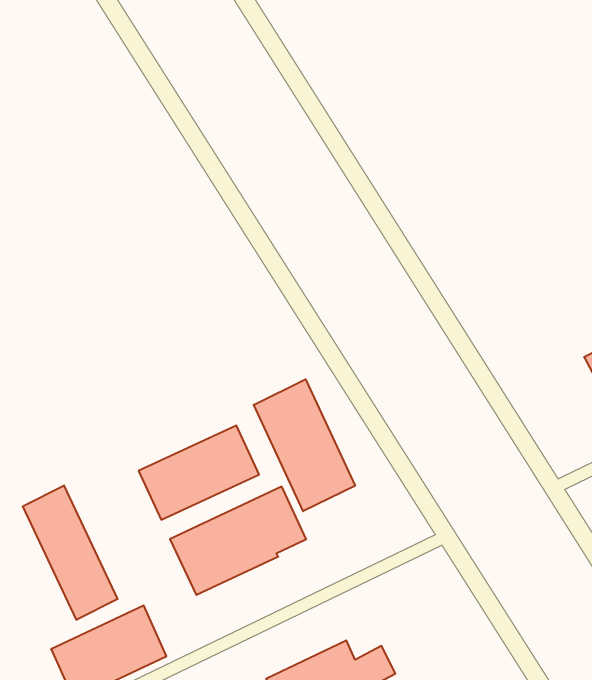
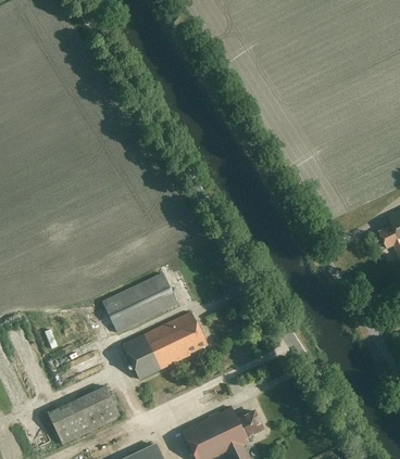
building: [254,379,355,511] -> none
building: [23,485,118,620] -> none

